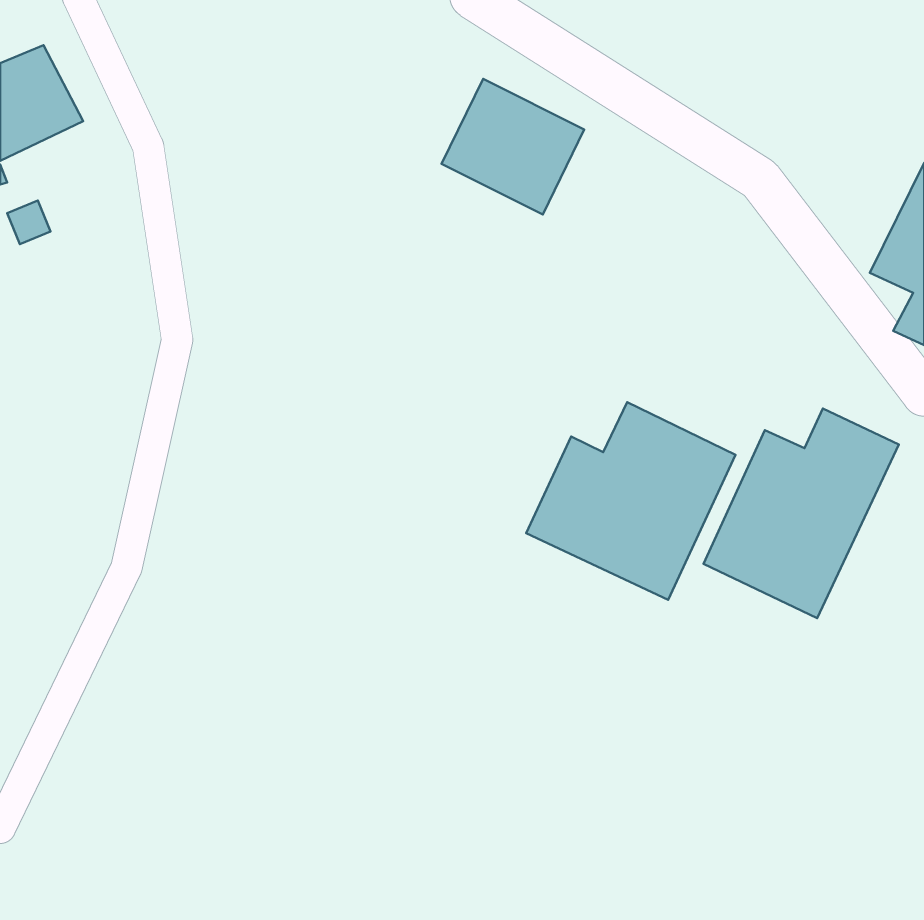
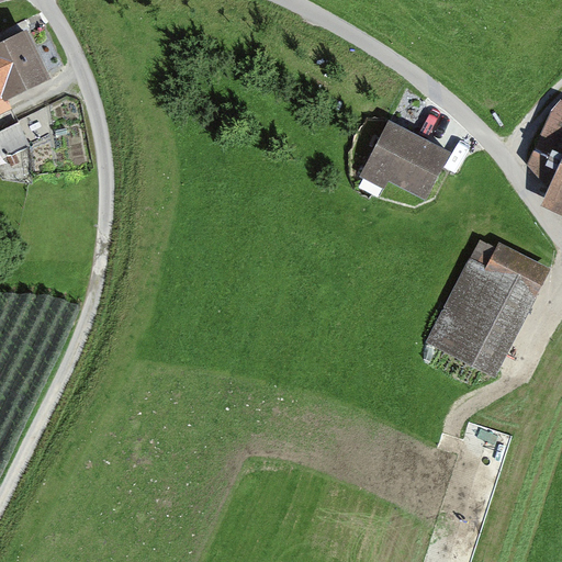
building: [441,79,584,214] -> [364,122,451,204]
building: [526,402,736,600] -> none

